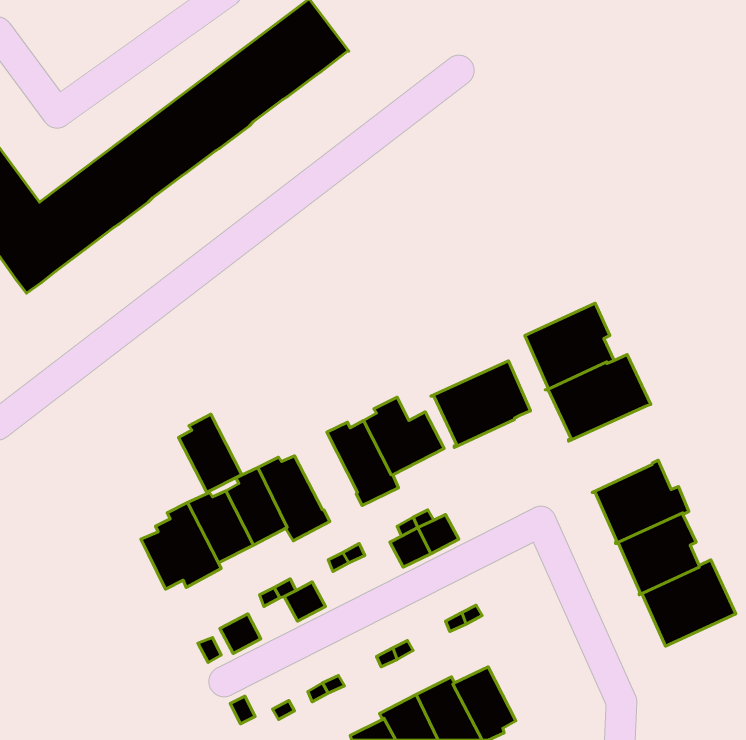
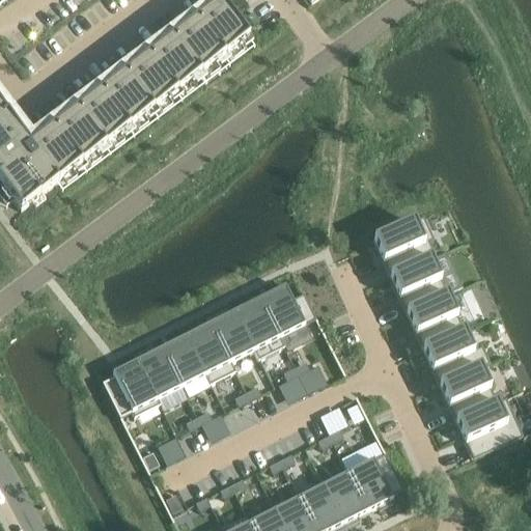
building: [431,361,530,447] -> [402,287,473,348]
building: [179,414,242,492] -> [208,306,253,361]
building: none -> [338,440,402,510]

